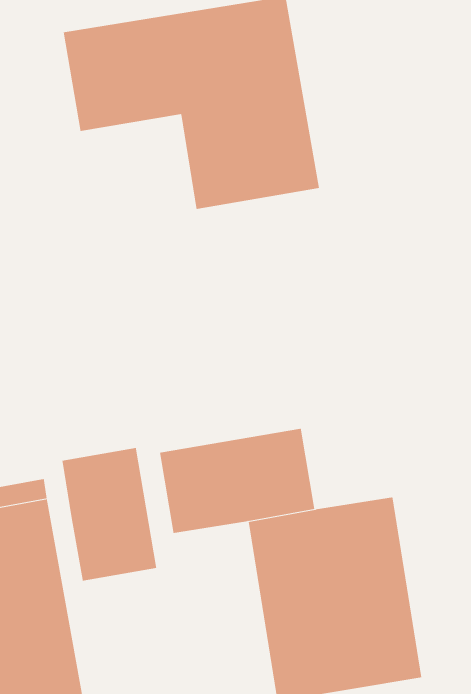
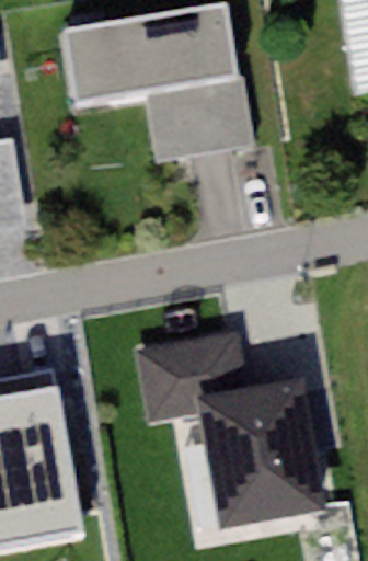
building: [62,447,157,582] -> none

